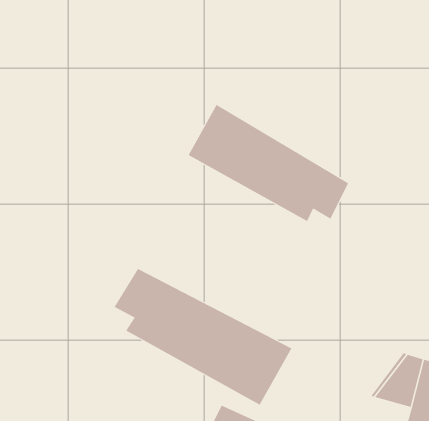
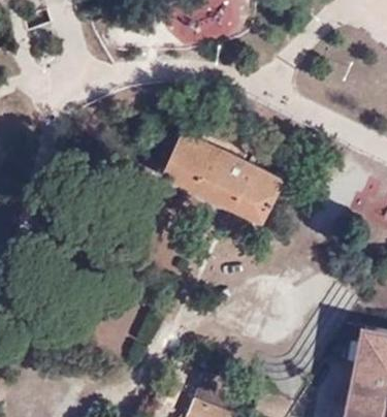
building: [114,268,292,406] -> none

